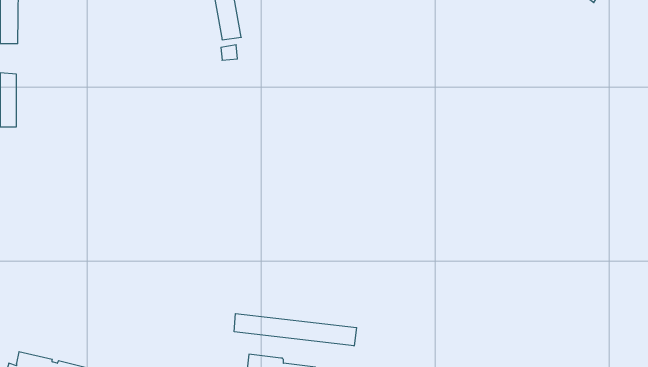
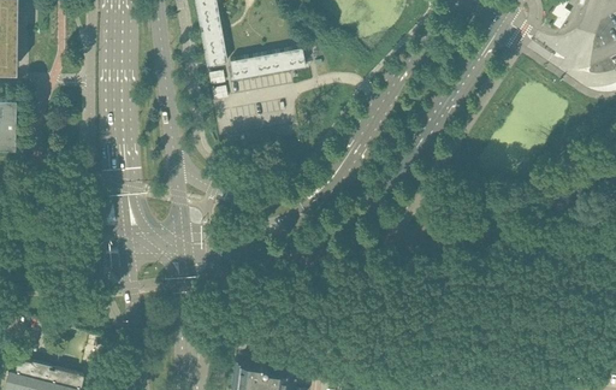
building: none -> [230,49,306,81]
building: [234,314,357,346] -> none

